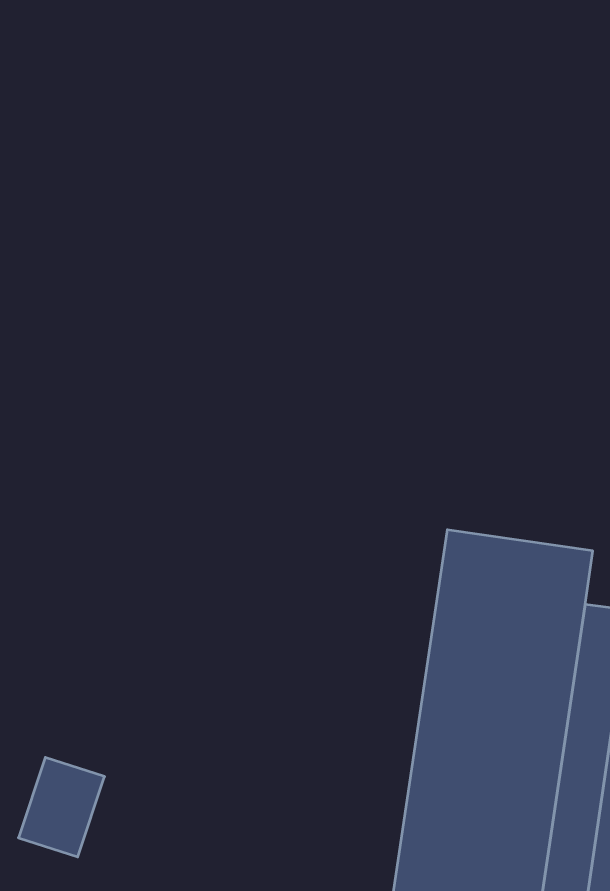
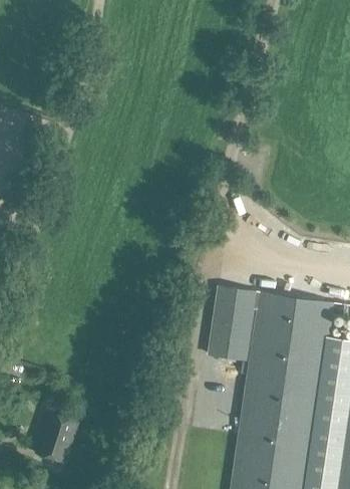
building: none -> [209,287,255,361]

